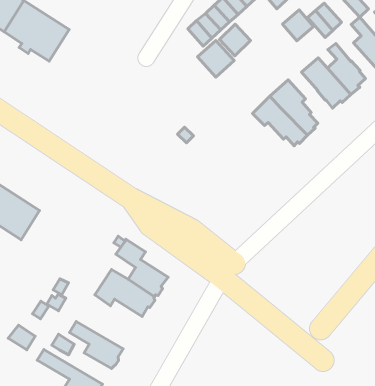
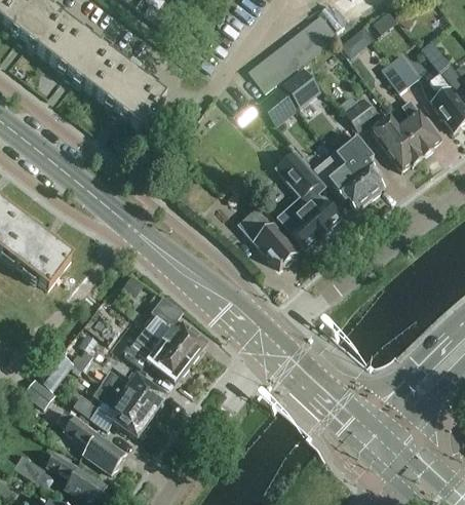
building: [283,10,314,41] -> [345,96,379,130]
building: none -> [95,61,167,128]
building: none -> [275,150,341,248]
building: none -> [238,206,298,266]
building: none -> [103,371,166,416]

